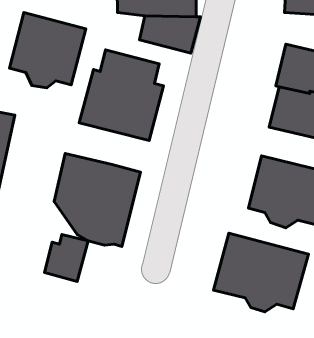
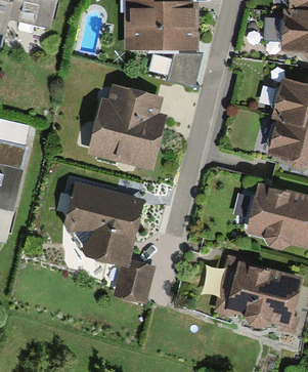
building: [9,12,86,88] -> none
building: [44,234,88,281] -> [113,258,153,302]

